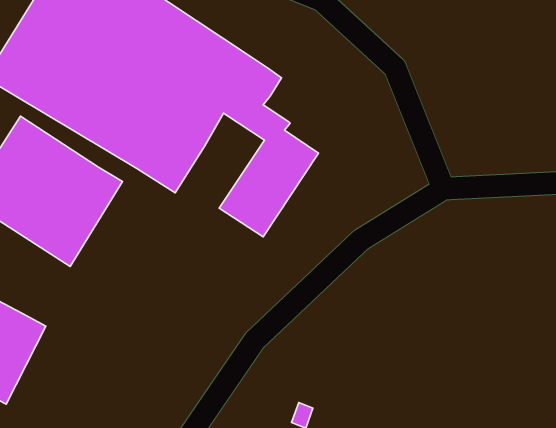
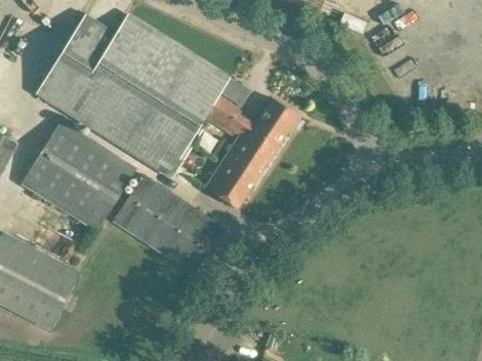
building: none -> [251,98,297,148]
building: none -> [112,174,224,274]

